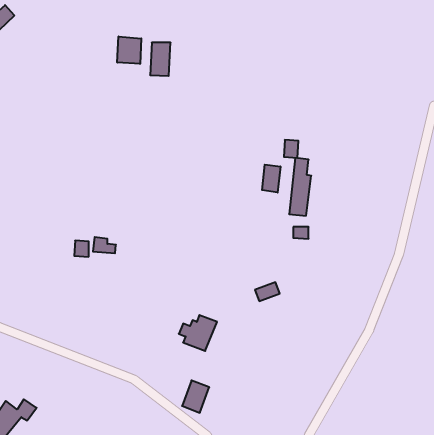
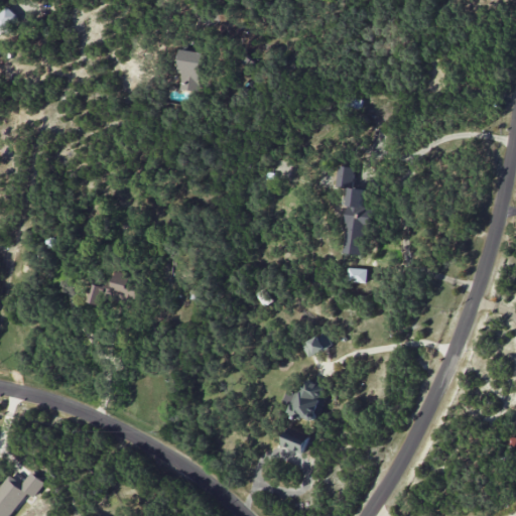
building: [117,36,141,64] -> none
building: [262,165,280,193] -> none
building: [179,315,217,351] -> [281,381,327,423]
building: [182,380,209,413] -> [275,428,307,467]

